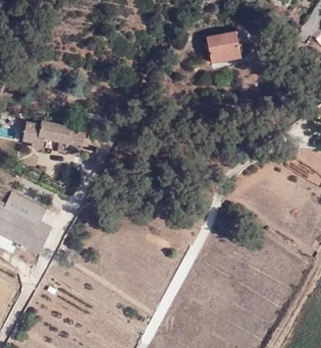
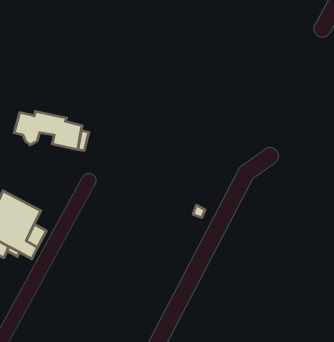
building: [206,31,240,63] -> none

